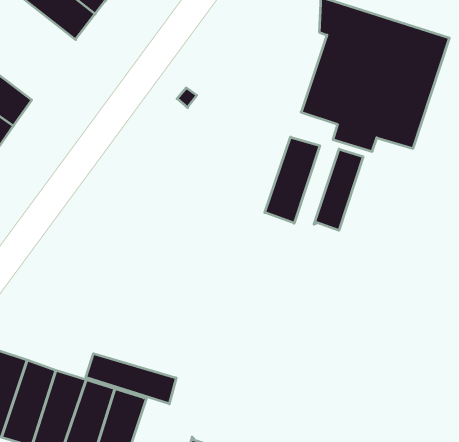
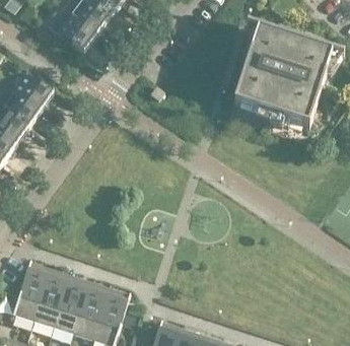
building: [265,137,320,223] -> none
building: [314,149,363,230] -> none
building: [86,354,176,404] -> none

